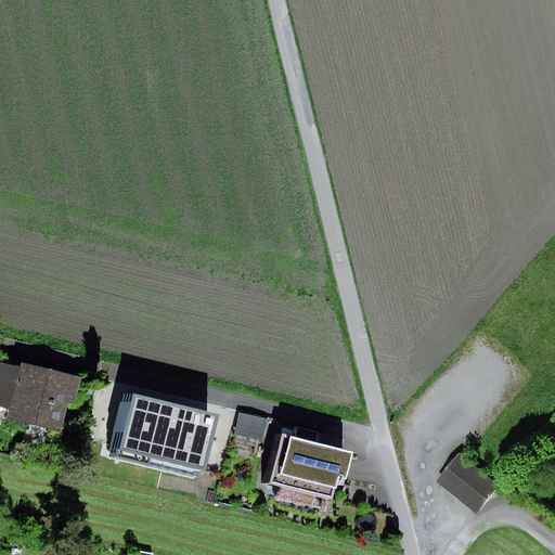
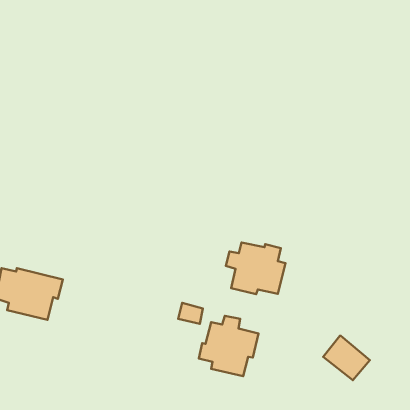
building: none -> [226,242,285,294]
building: [103,393,205,476] -> none

